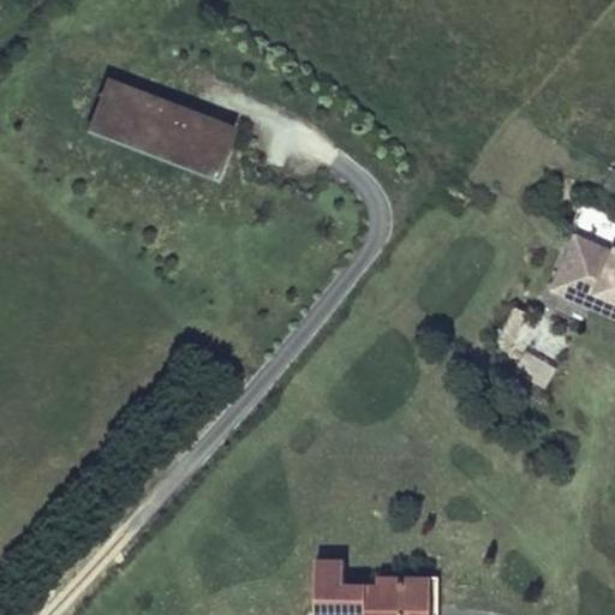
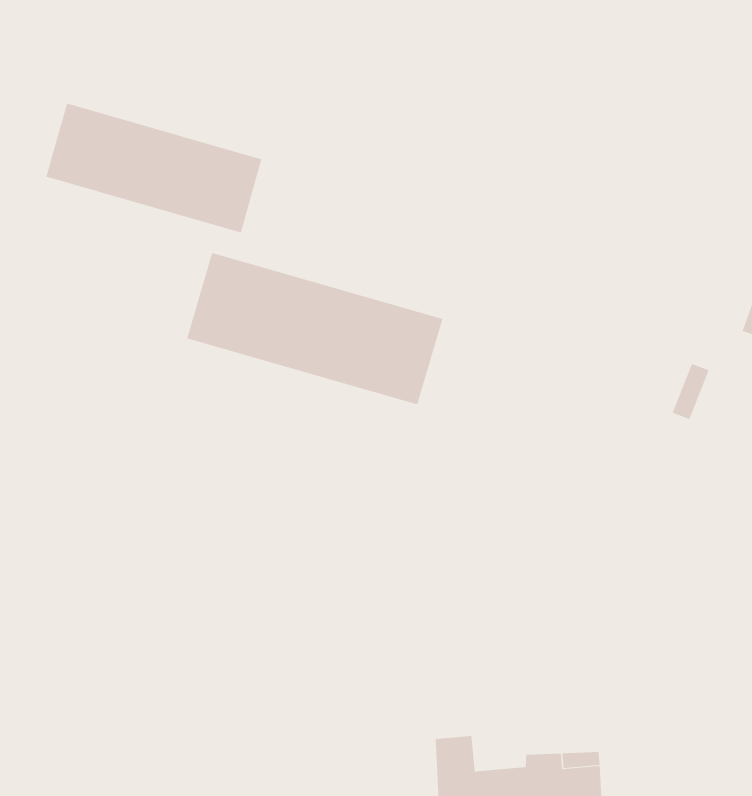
building: none -> [186,252,443,405]

